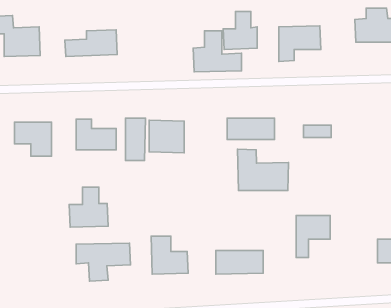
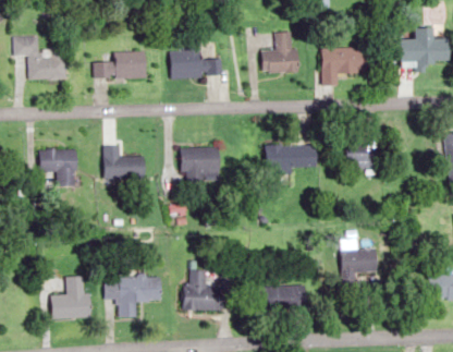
building: [193,31,241,72] -> [171,34,222,77]
building: [126,118,145,160] -> none
building: [238,149,288,190] -> none
building: [69,187,108,227] -> [53,277,95,319]

